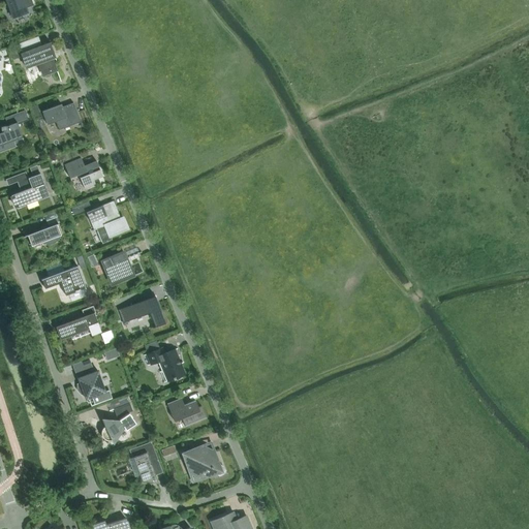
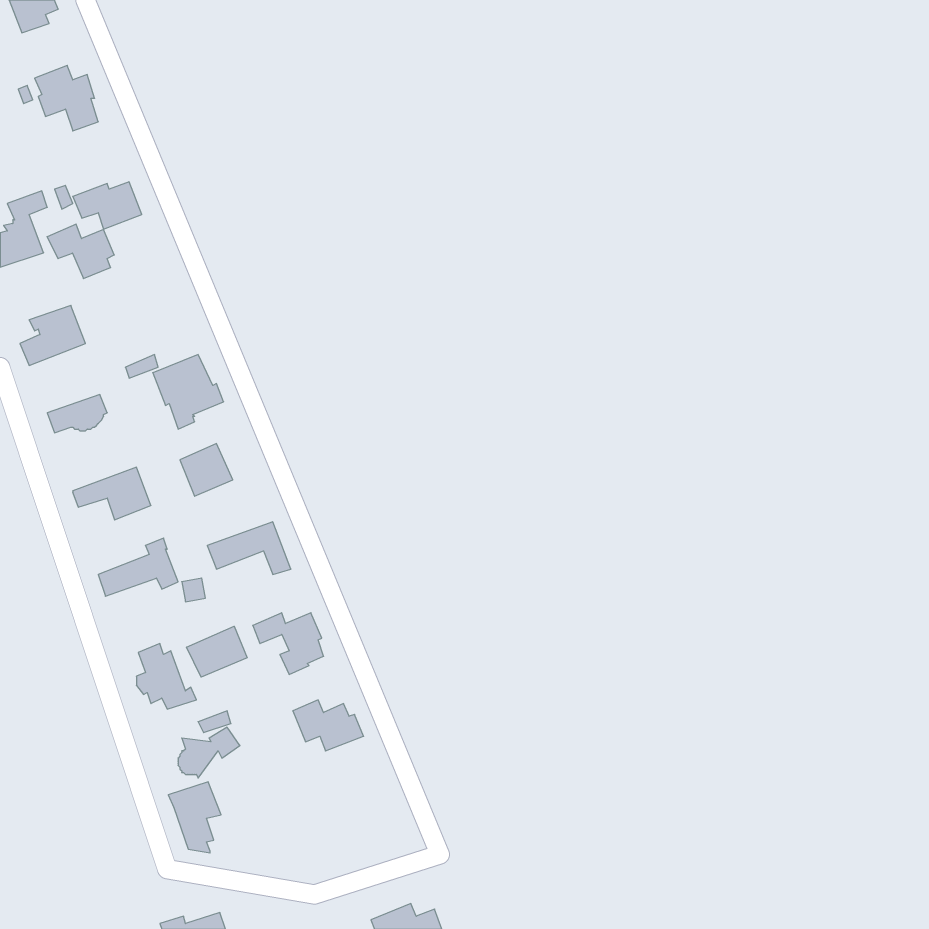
building: [64,158,102,189] -> [47,224,114,279]
building: none -> [187,626,247,677]
building: [129,442,159,483] -> [168,782,221,853]
building: [182,445,224,483] -> none

